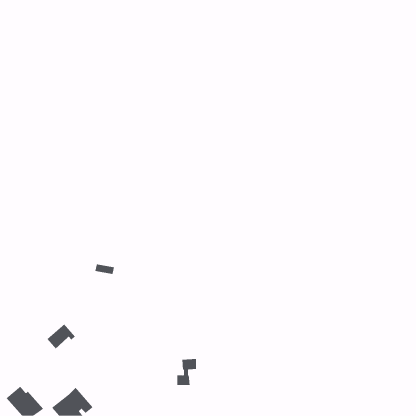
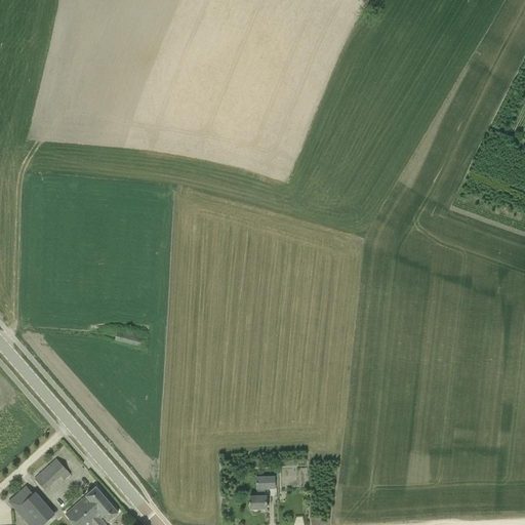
building: [46,324,76,350] -> [34,458,71,491]
building: [177,359,197,385] -> [249,476,275,510]

